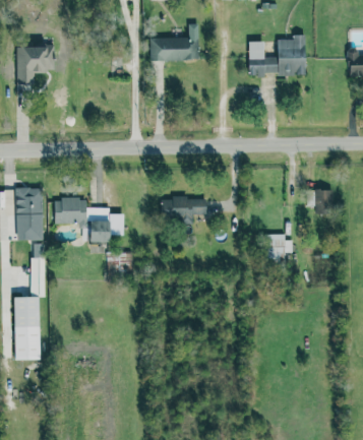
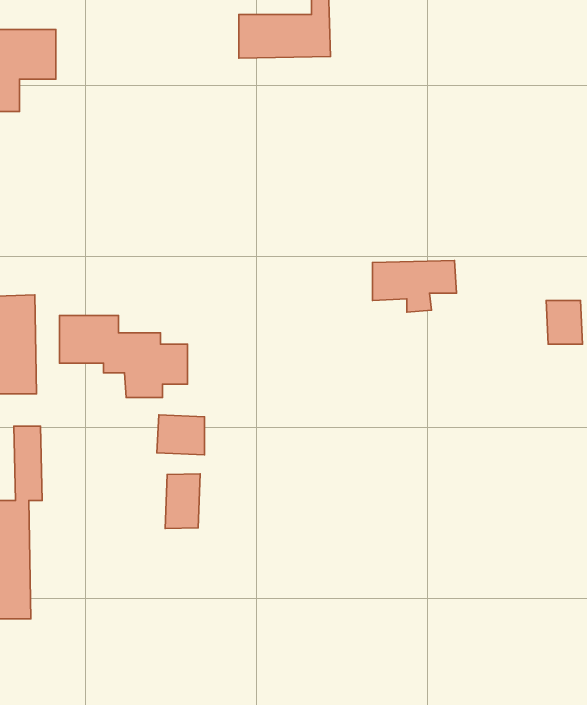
building: [248,35,305,76] -> none
building: [162,197,206,225] -> [372,261,456,312]
building: [265,234,293,259] -> none
building: none -> [165,474,200,528]

